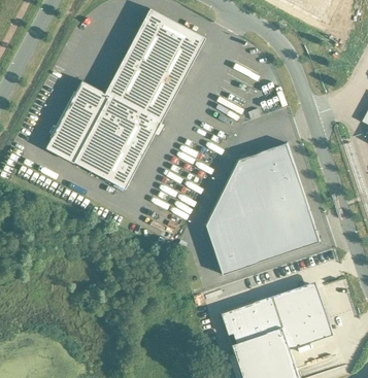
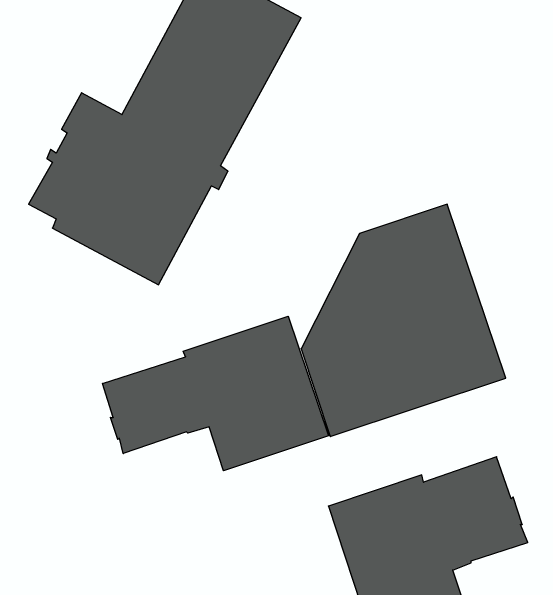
building: none -> [103,316,329,471]

